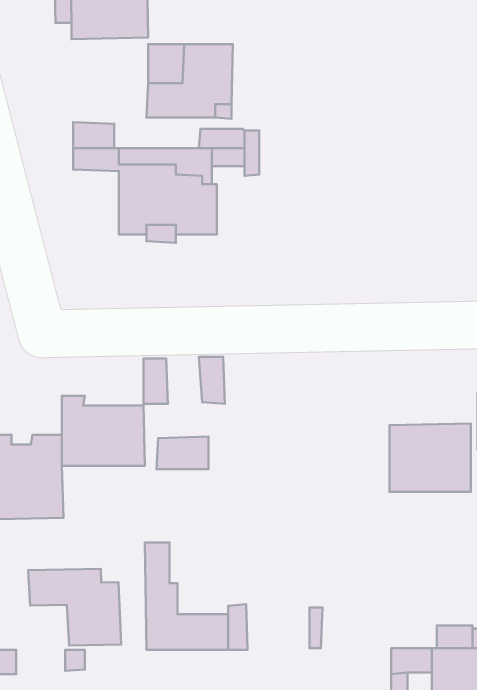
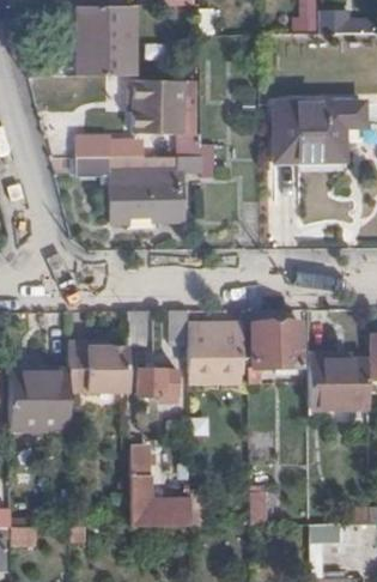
building: none -> [273,101,363,159]
building: none -> [253,323,299,366]
building: none -> [191,325,241,371]
building: [28,569,121,645] -> none

